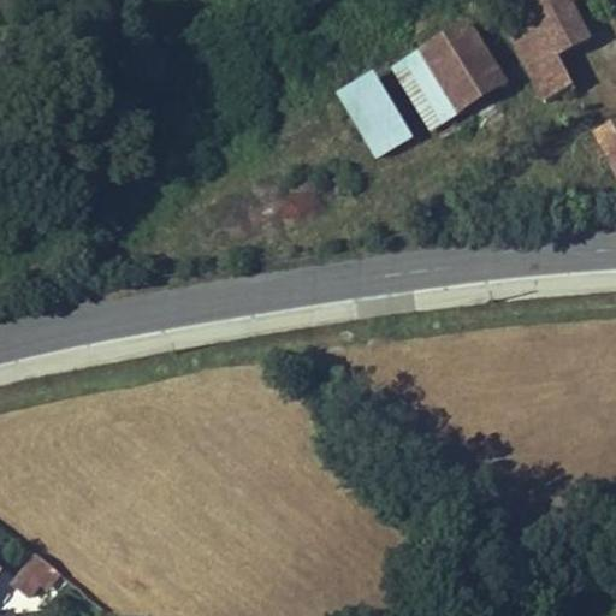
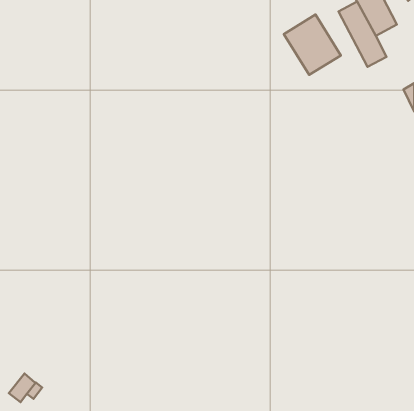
building: [395,51,457,125] -> none
building: [343,77,413,155] -> none

